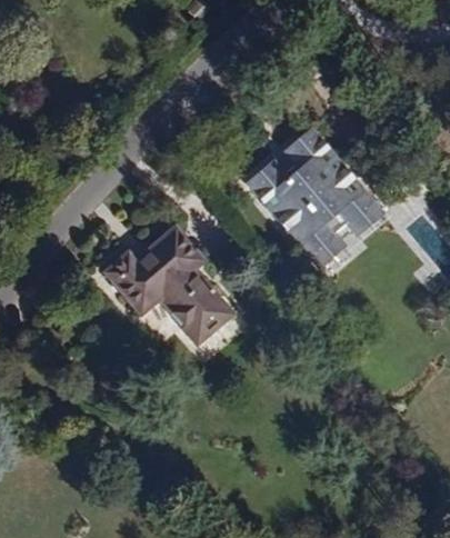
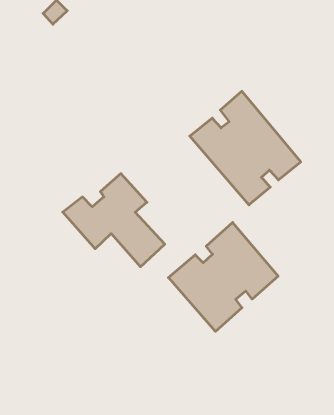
building: none -> [168,222,278,331]

